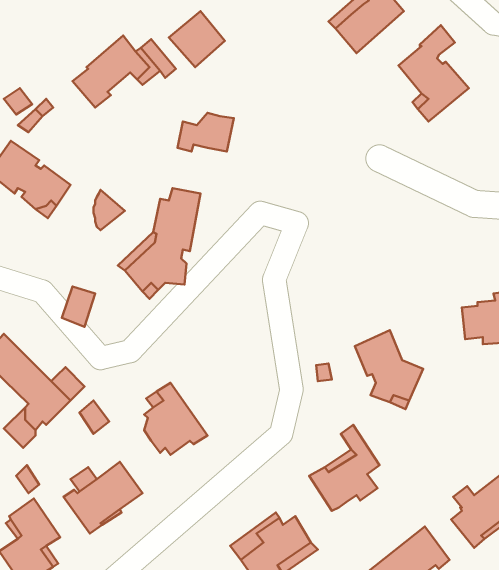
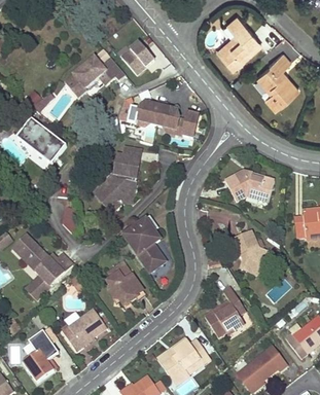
building: none -> [155,106,195,138]
building: none -> [224,172,273,203]
building: none -> [125,216,165,271]

